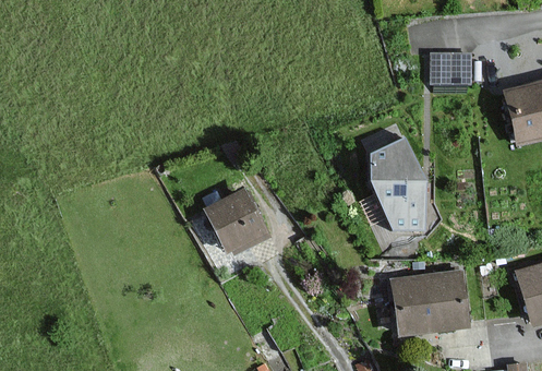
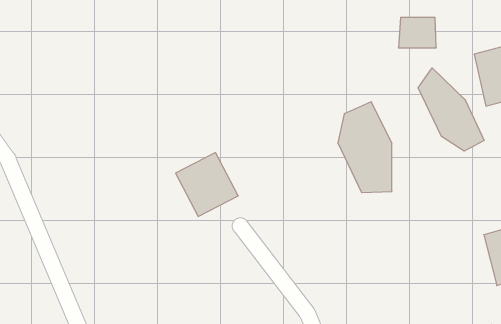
building: none -> [418,68,484,151]
building: [390,272,467,334] -> none

